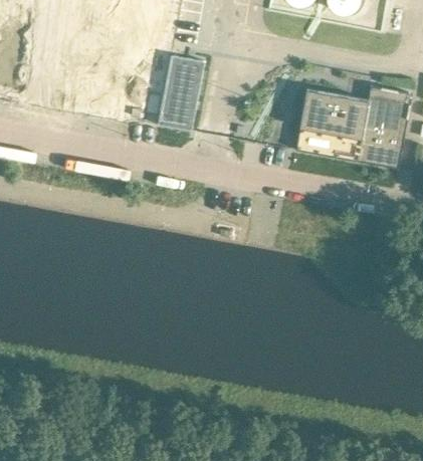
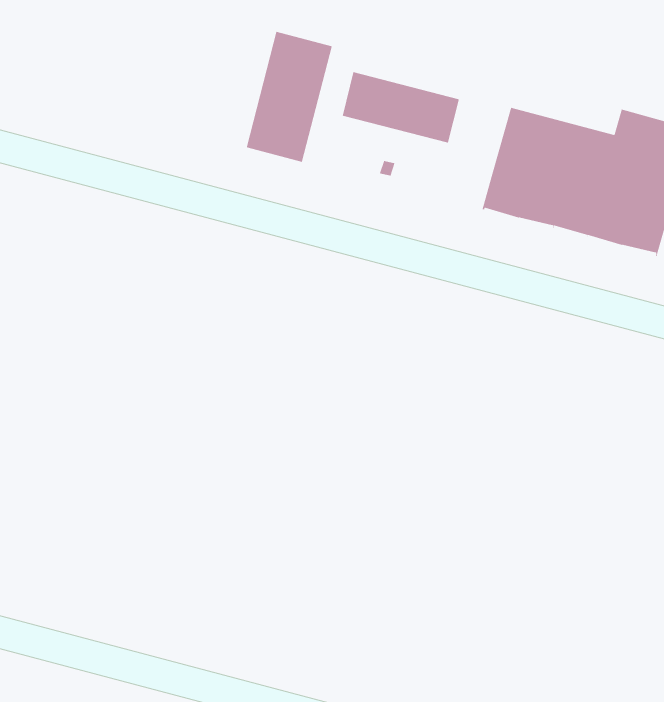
building: none -> [342,71,460,144]

